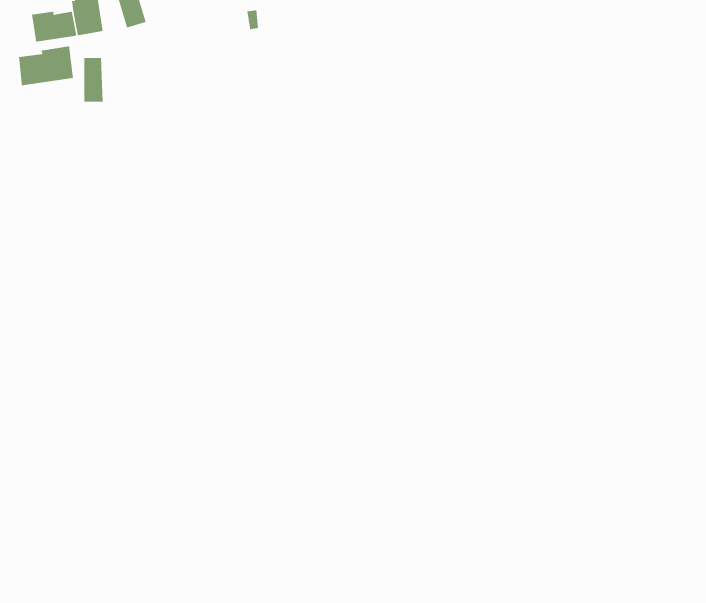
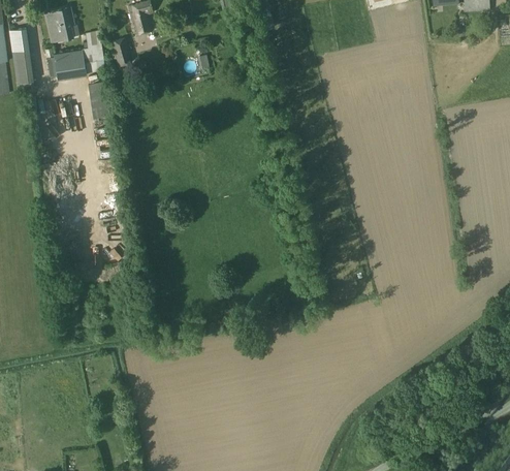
building: [18,45,74,86] -> none

